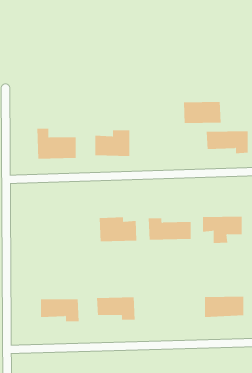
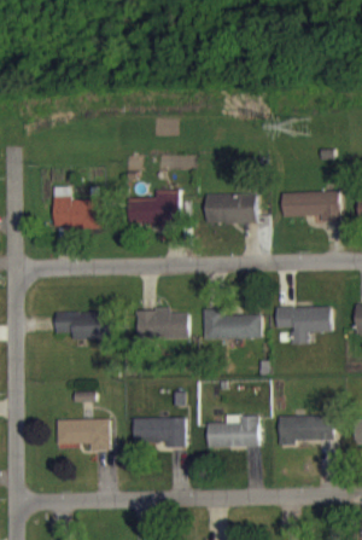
building: [183,101,221,124] -> [204,193,256,223]
building: none -> [54,312,110,339]
building: none -> [208,416,259,448]

